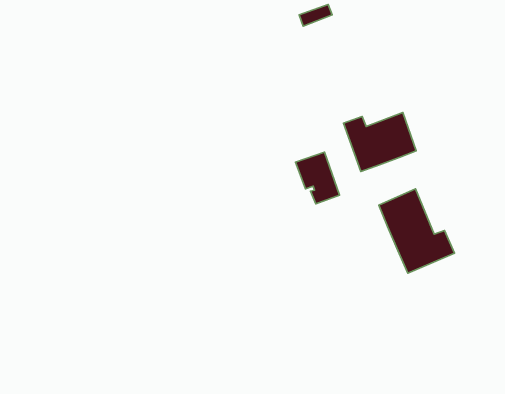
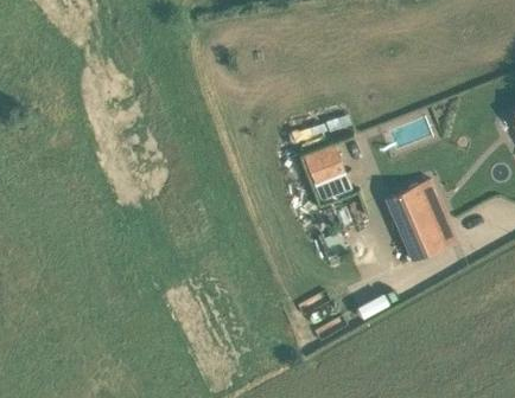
building: [343,112,416,171] -> none

